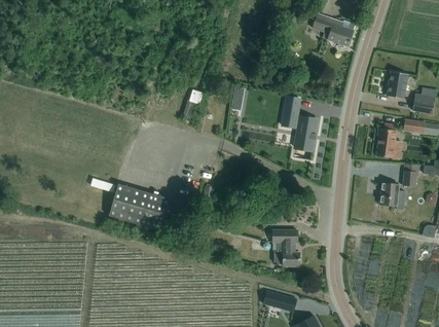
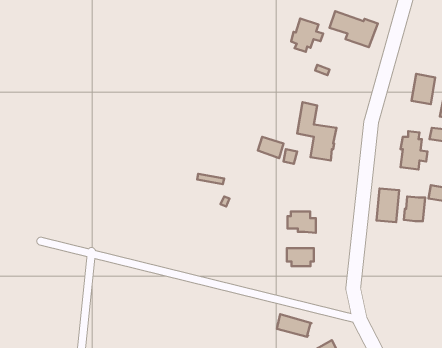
building: none -> [291,19,323,52]
building: none -> [376,189,399,222]
building: [108,184,170,231] -> none
building: [273,247,299,266] -> [288,212,316,233]

